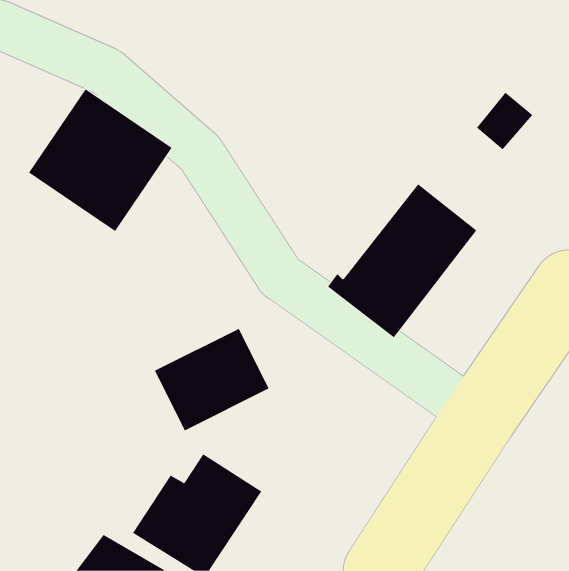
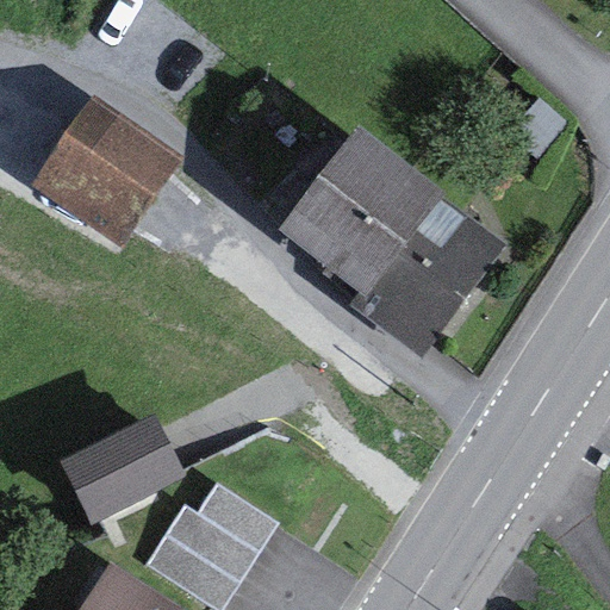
building: none -> [276,127,444,297]
building: [154,328,269,431] -> [61,412,183,522]

